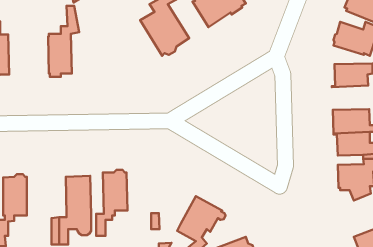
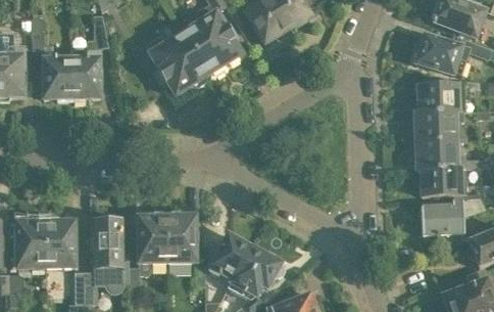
building: none -> [32,16,71,100]
building: none -> [147,32,208,95]
building: none -> [413,110,458,140]
building: none -> [165,213,195,262]
building: none -> [45,218,75,268]
building: none -> [208,232,249,278]

